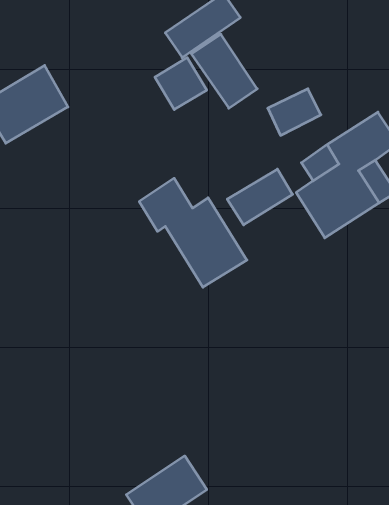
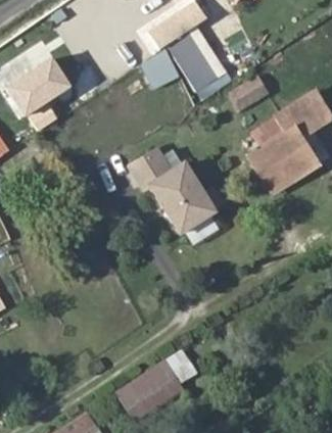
building: [227,169,293,225] -> none

